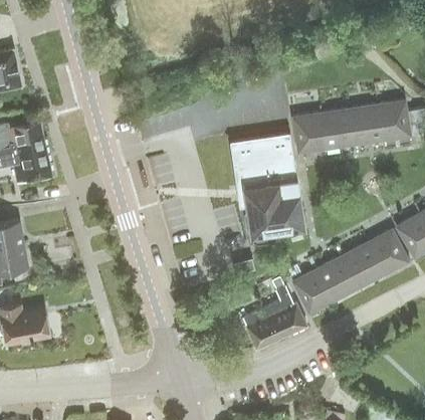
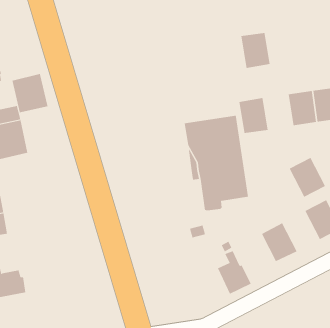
building: none -> [12,73,48,113]
building: [320,109,354,150] -> [240,32,270,69]
building: [342,242,384,288] -> [289,157,326,197]
building: [291,268,334,314] -> none
building: [242,307,281,349] -> none

